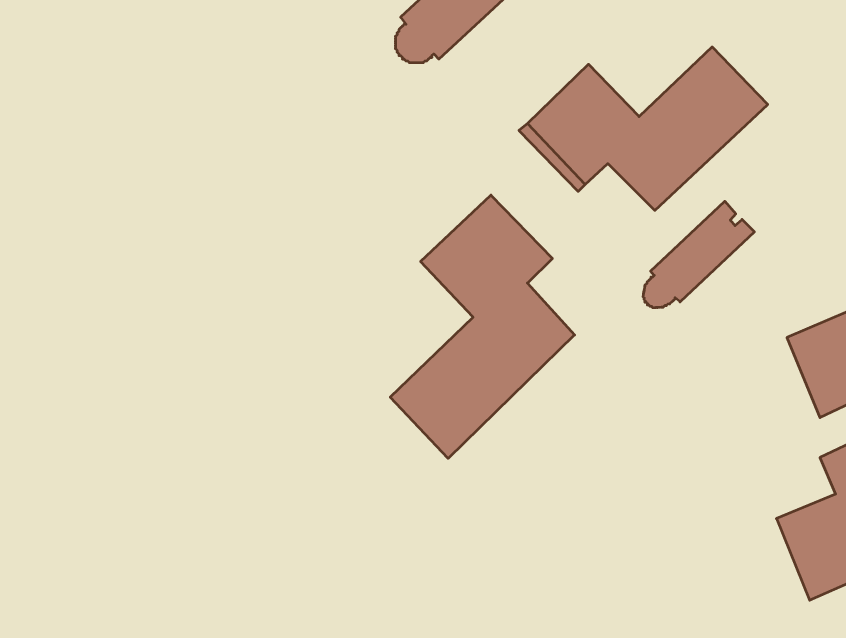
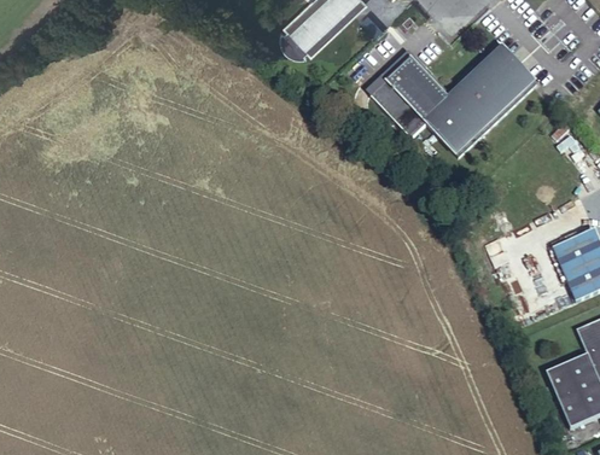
building: [390,195,575,458] -> none
building: [643,201,754,308] -> none

